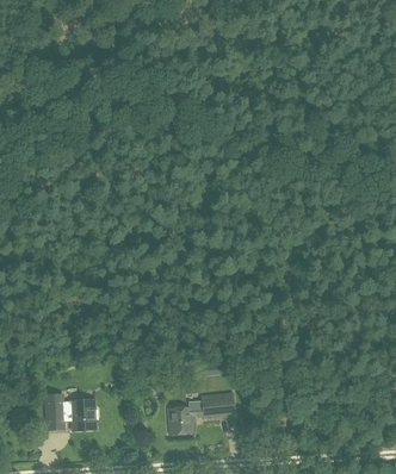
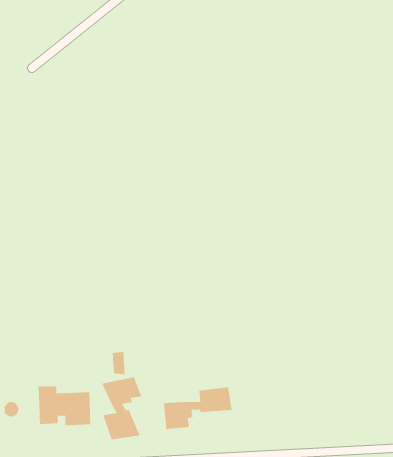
building: none -> [101,377,142,440]

